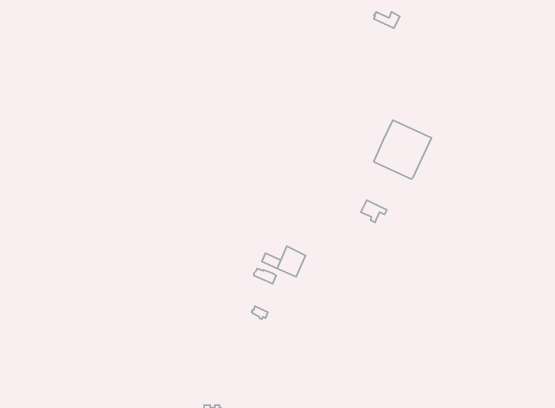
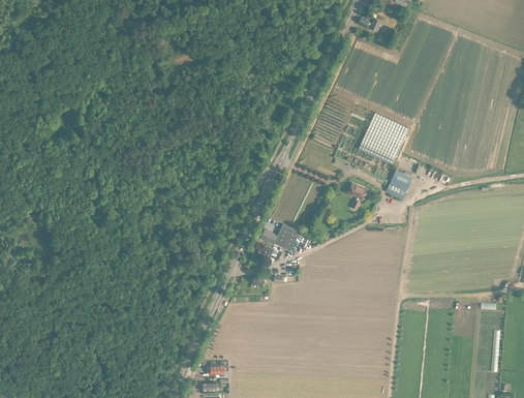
building: none -> [384,169,411,198]

